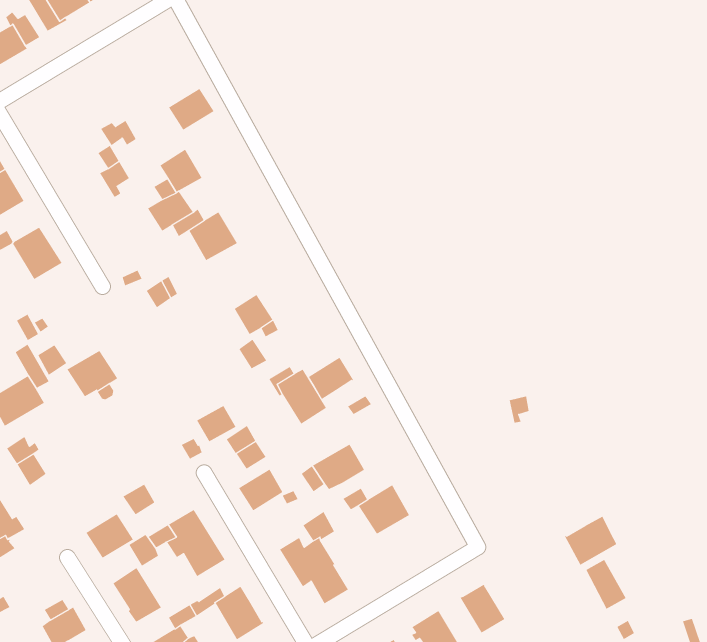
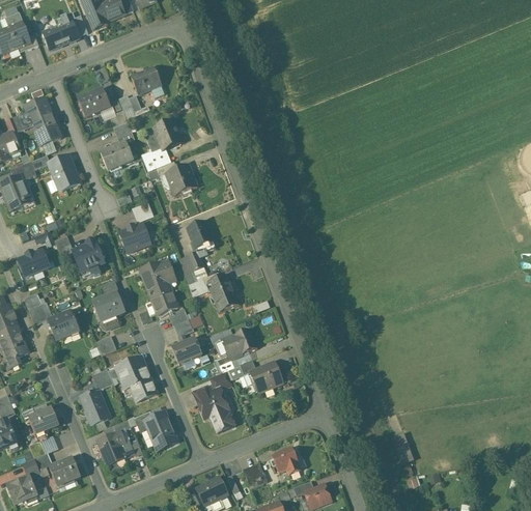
building: [168,88,214,130] -> [131,67,161,93]
building: none -> [78,88,110,116]
building: none -> [101,142,134,171]
building: none -> [119,223,150,252]
building: [309,357,354,400] -> none
building: none -> [140,260,173,299]
building: none -> [93,292,124,322]
building: [86,514,134,559] -> [48,312,79,340]
building: [564,516,617,565] -> none
building: [460,584,505,633] -> none

